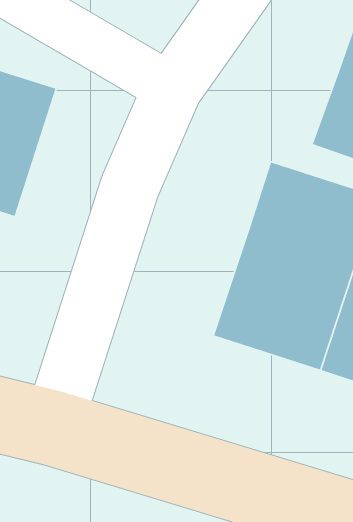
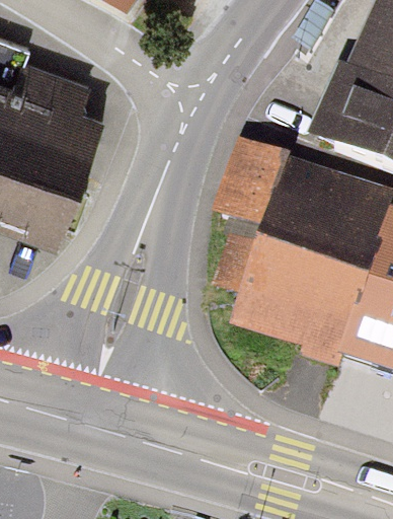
building: none -> [226,151,293,228]

